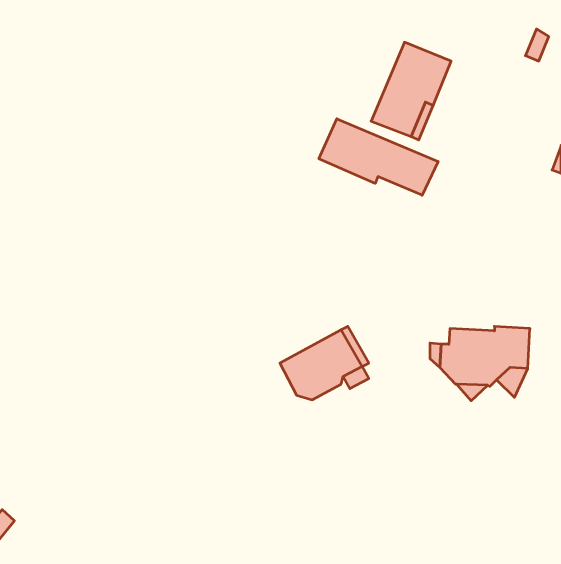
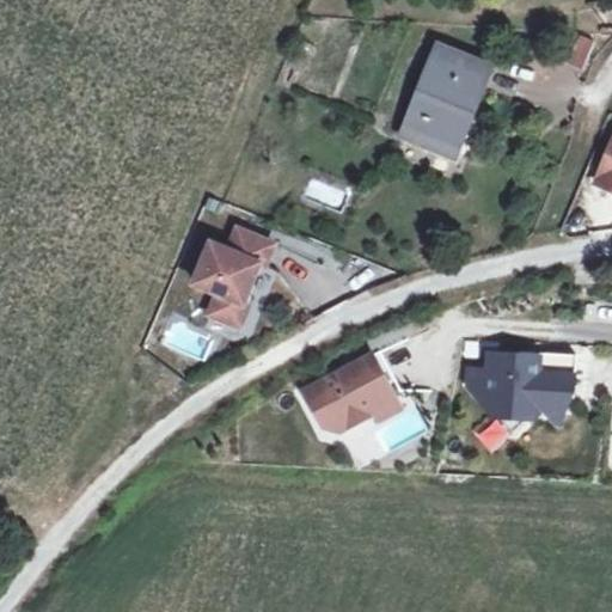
building: [319,119,438,195] -> none
building: none -> [195,226,274,323]

